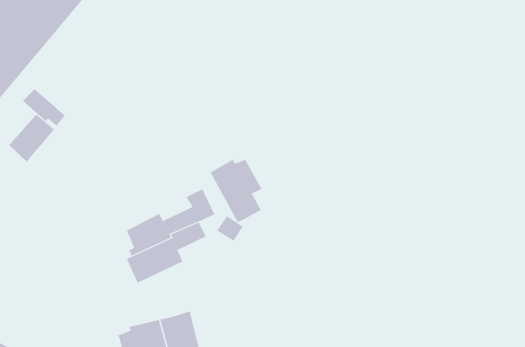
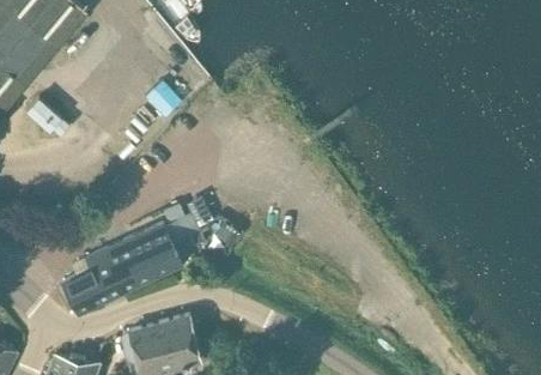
building: [8,114,55,162] -> none
building: [210,158,262,223] -> none
building: none -> [61,237,138,317]

